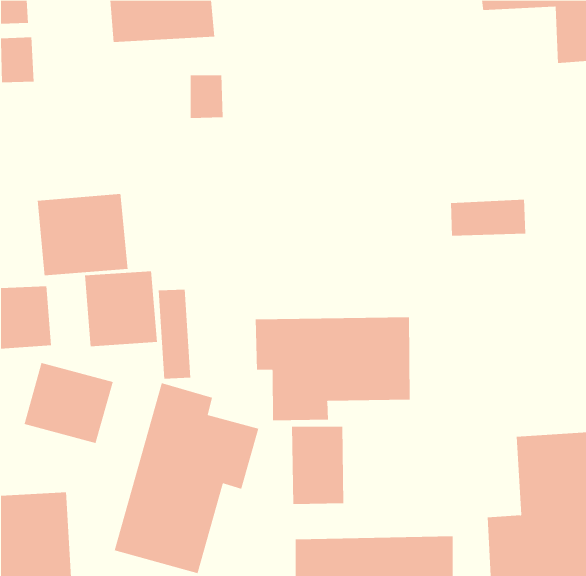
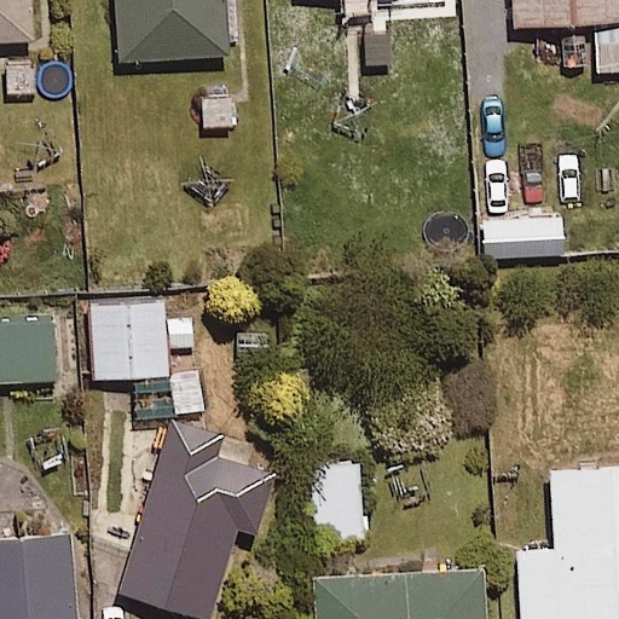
building: [37,193,128,276] -> none
building: [255,316,410,421] -> none
building: [24,362,113,444] -> none

